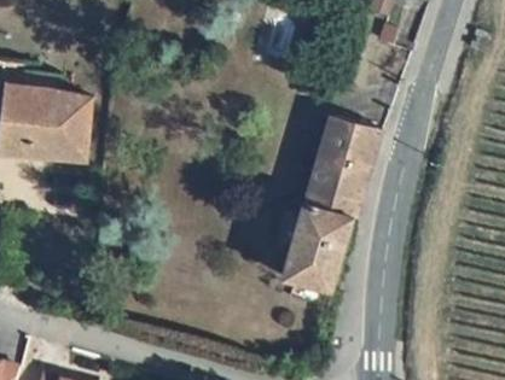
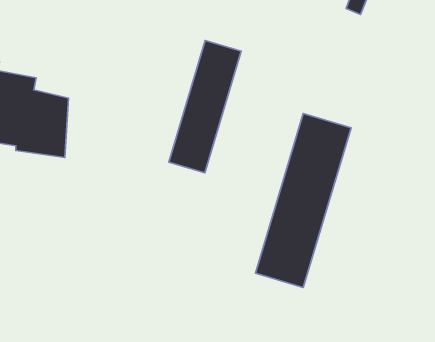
building: none -> [169,40,241,173]

